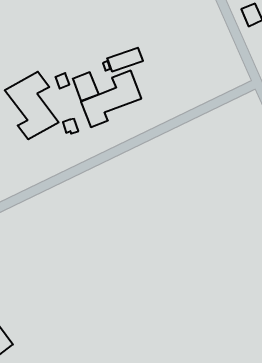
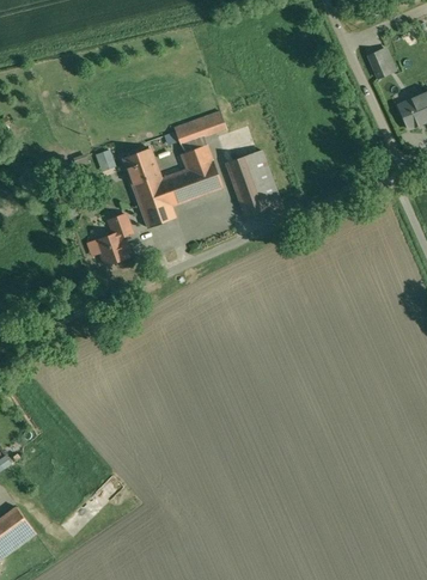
building: [5,72,59,139] -> none
building: none -> [226,148,281,215]
building: none -> [97,231,128,263]

